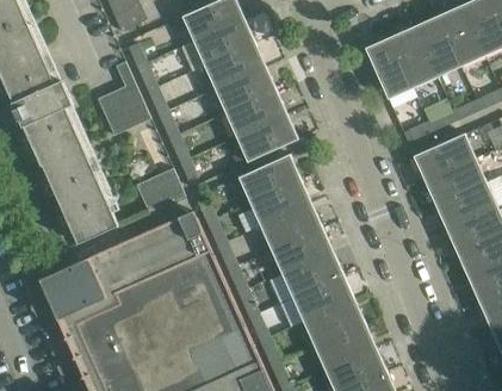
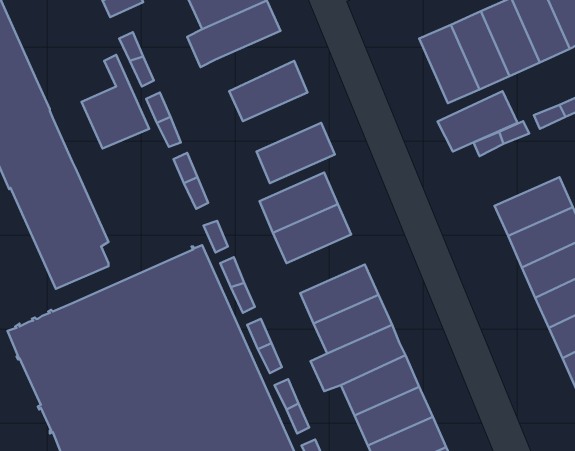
building: [203,42,265,89] -> none
building: [224,91,286,137] -> none
building: [411,132,475,180] -> [438,91,518,152]
building: [135,168,186,213] -> none
building: [259,203,321,249] -> none

